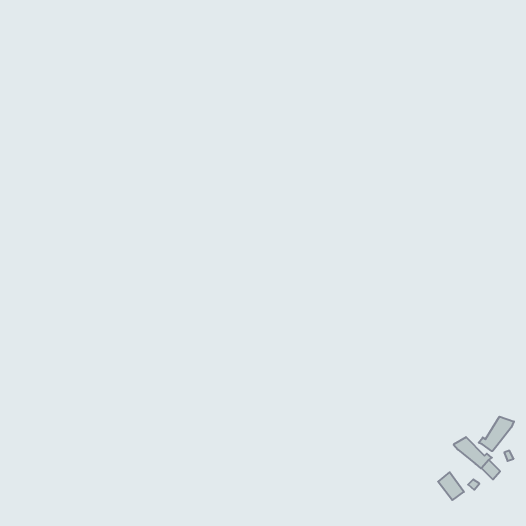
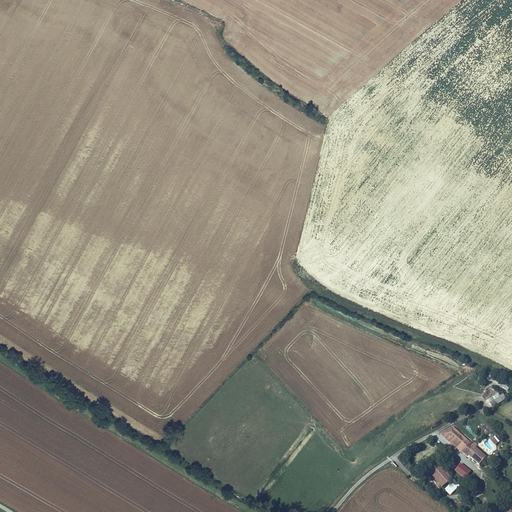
building: [479,417,514,451] -> none

